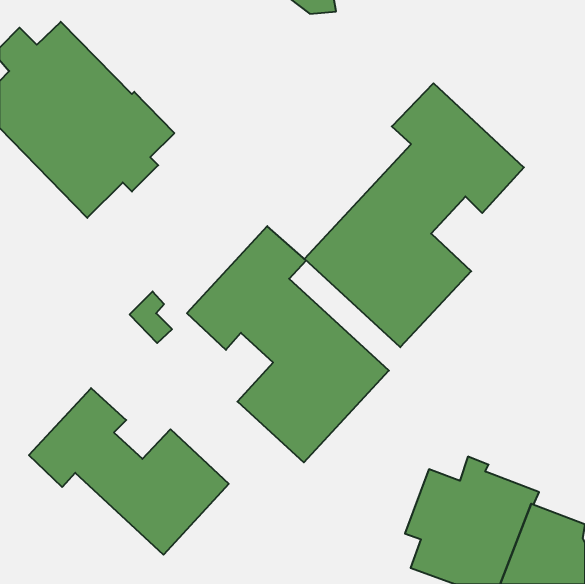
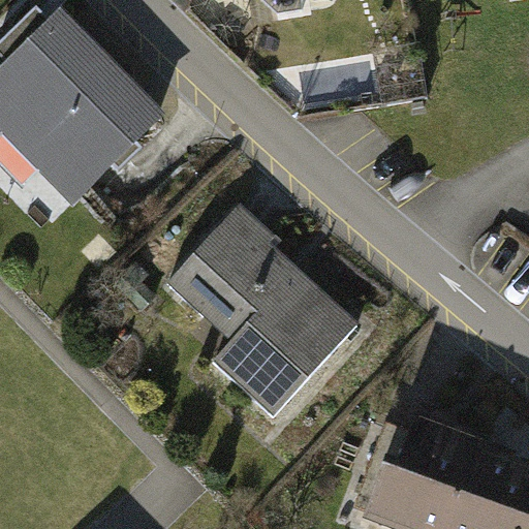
building: [304,83,524,347] -> none
building: [29,388,229,555] -> none

